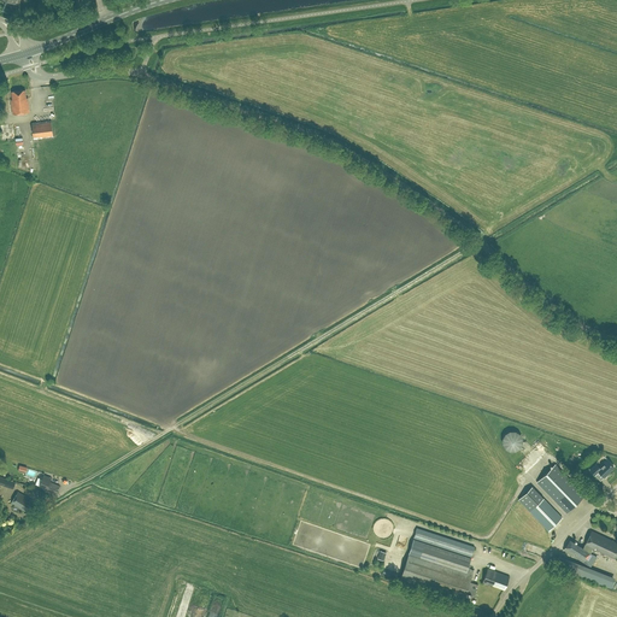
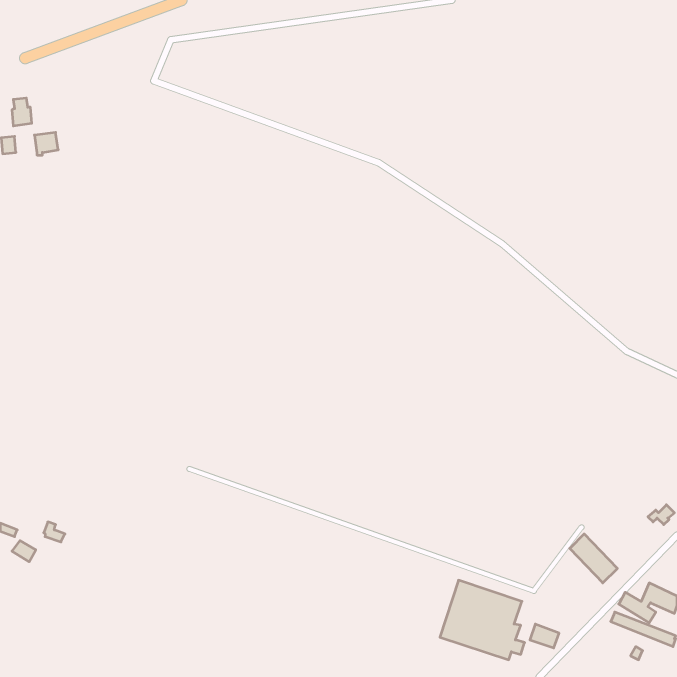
building: [536,464,584,512] -> none

